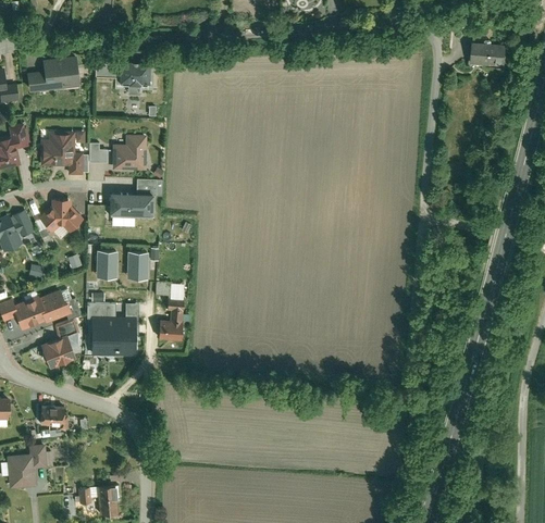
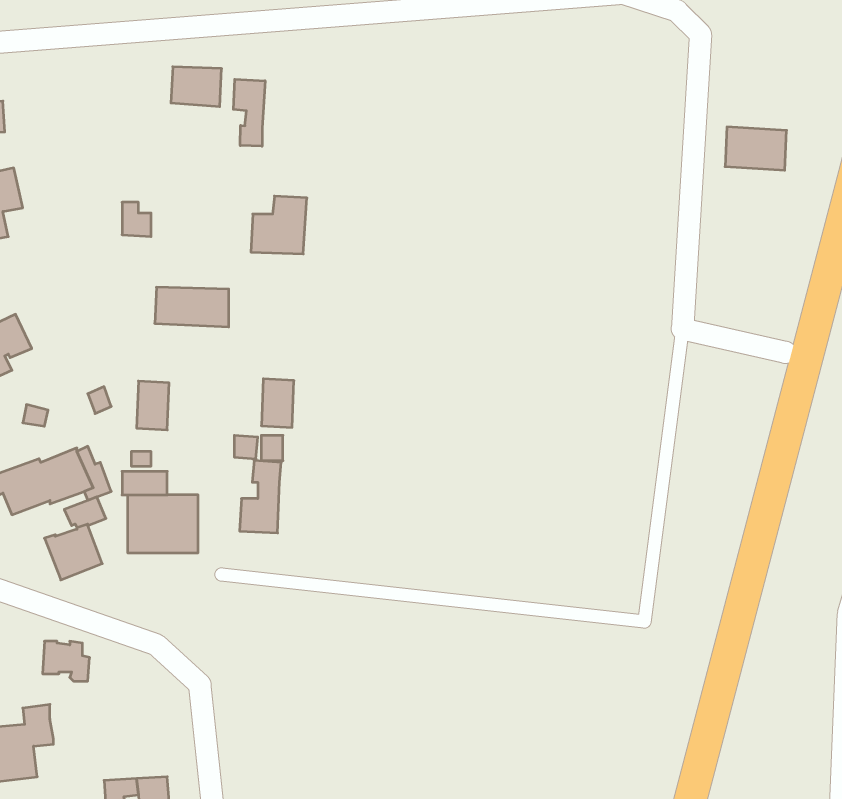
building: [476,42,513,69] -> [725,127,787,170]
building: [27,51,79,88] -> none
building: none -> [233,79,265,146]
building: [40,129,82,173] -> none
building: [111,135,145,170] -> [251,196,307,254]
building: [39,199,83,234] -> none
building: [127,252,147,282] -> [261,379,294,427]

